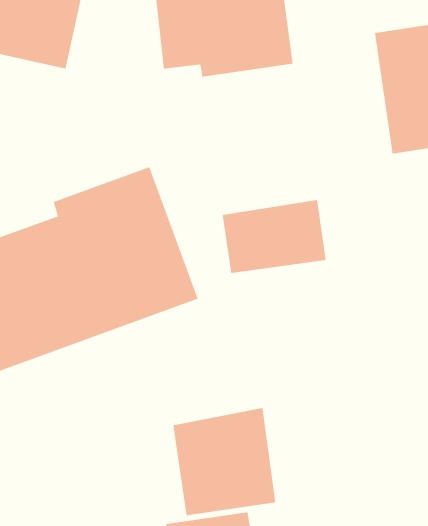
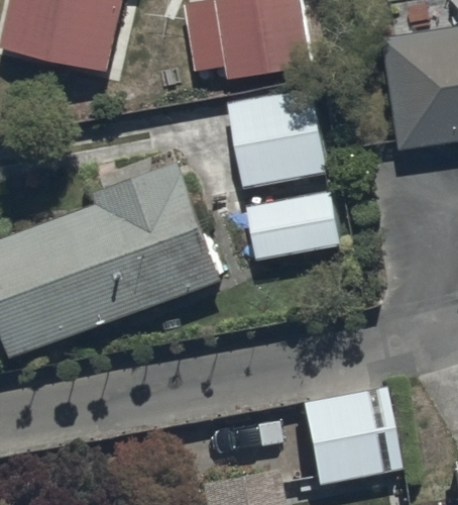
building: none -> [225,87,327,188]
building: [173,408,276,516] -> [299,386,393,485]

